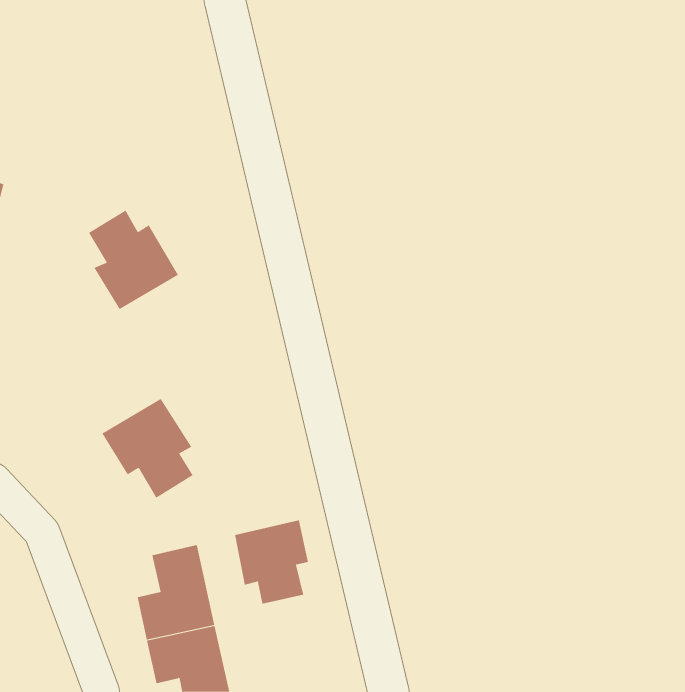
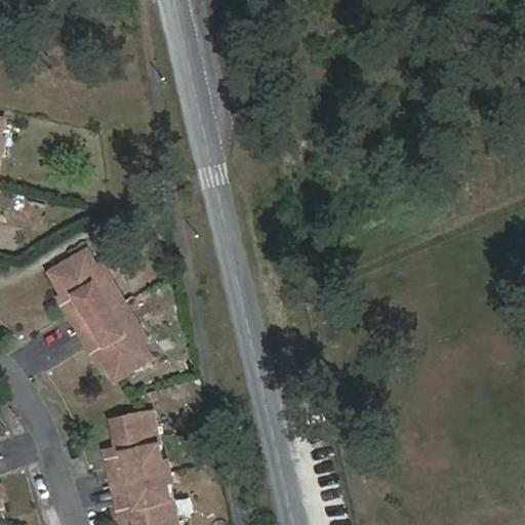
building: [88,210,179,310] -> [53,252,122,328]
building: [235,519,309,604] -> none

